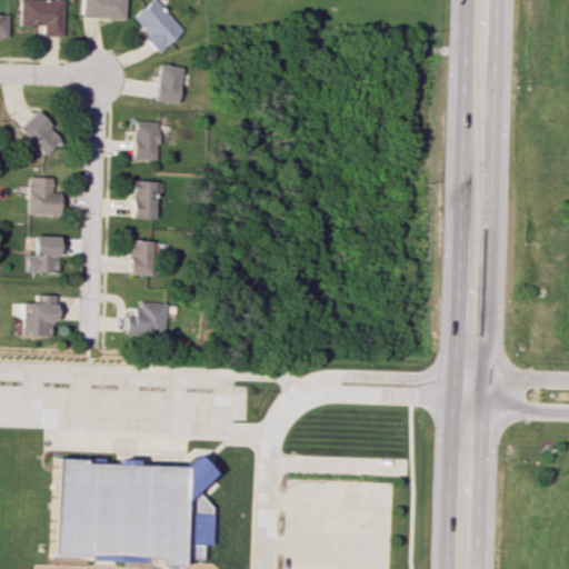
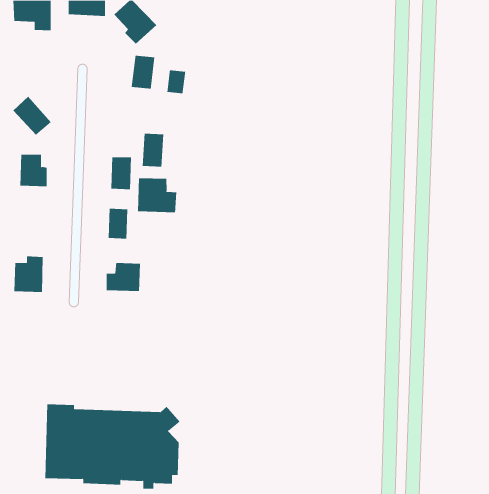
building: none -> [167,70,186,94]
building: [136,121,161,160] -> [142,133,164,167]
building: none -> [138,177,177,213]
building: [28,236,61,273] -> none

